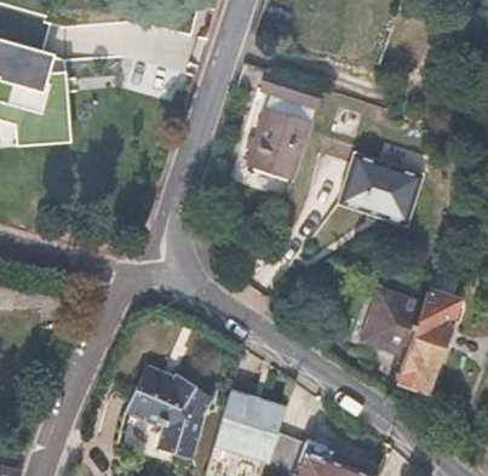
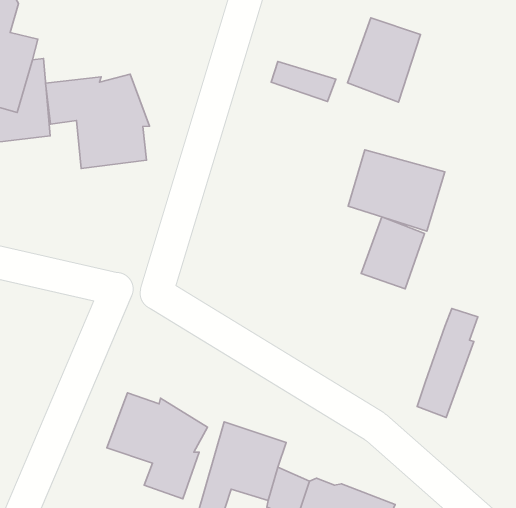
building: none -> [46,74,149,169]
building: [249,110,314,184] -> [347,18,420,102]
building: [366,293,421,356] -> [361,217,425,289]

